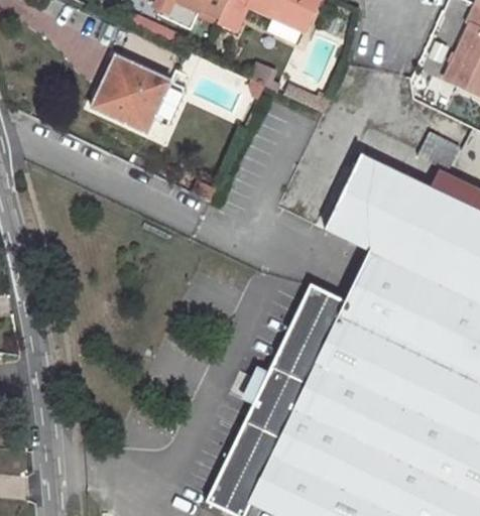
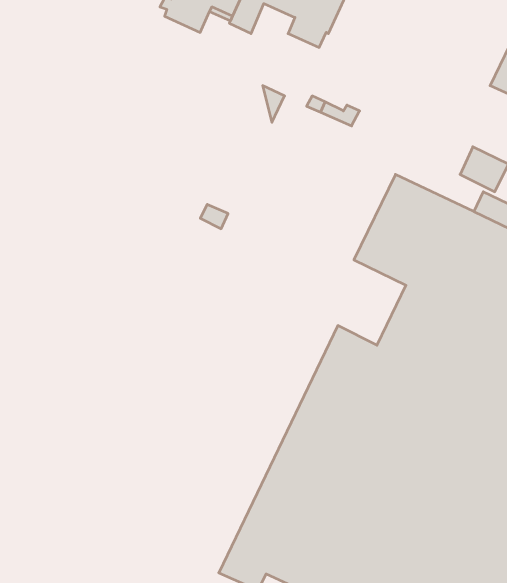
building: [92,57,169,132] -> none

